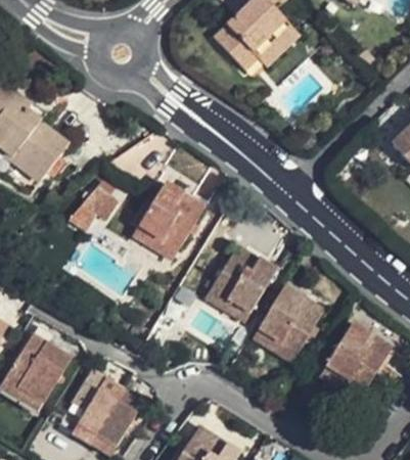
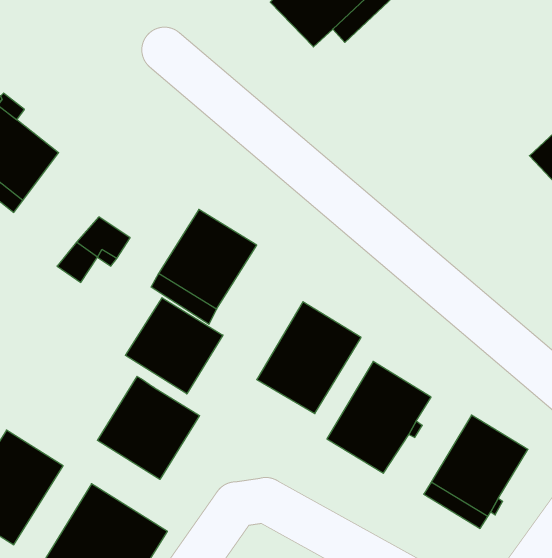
building: none -> [125,298,223,394]
building: none -> [97,376,200,479]

